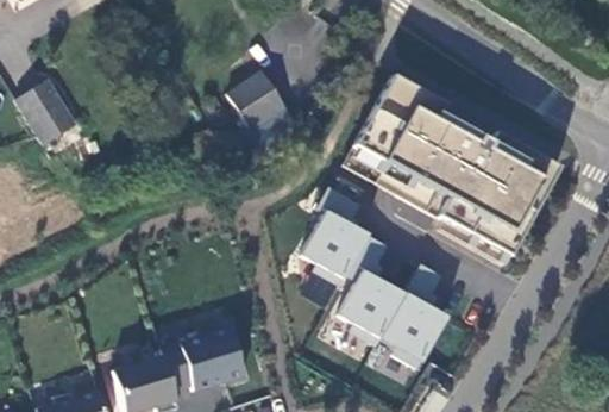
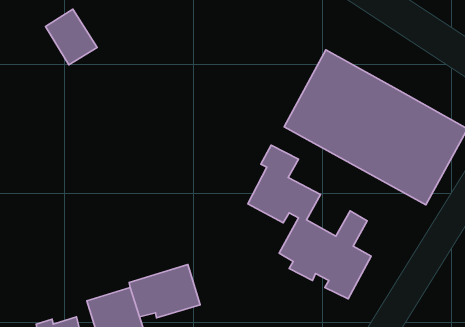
building: [227,73,285,131] -> none
building: [15,80,76,145] -> [45,9,97,65]

